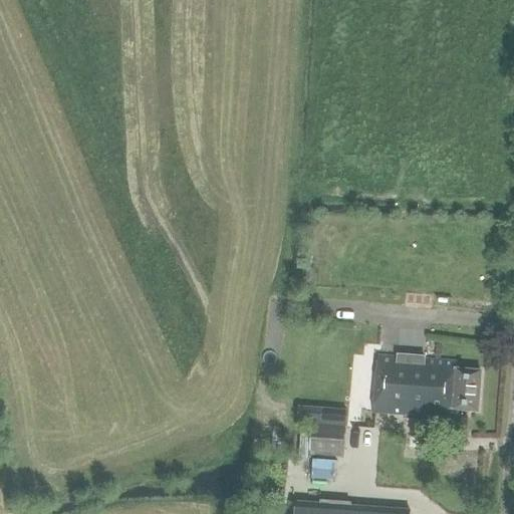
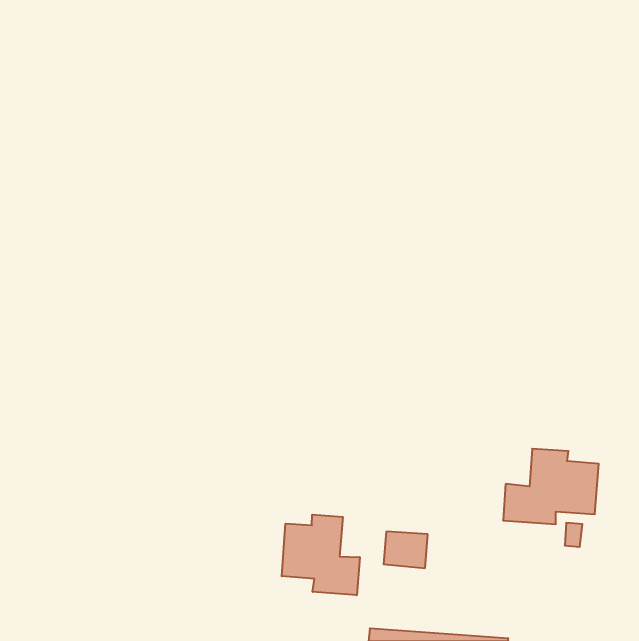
building: [371,355,425,416] -> none
building: none -> [282,515,360,595]

